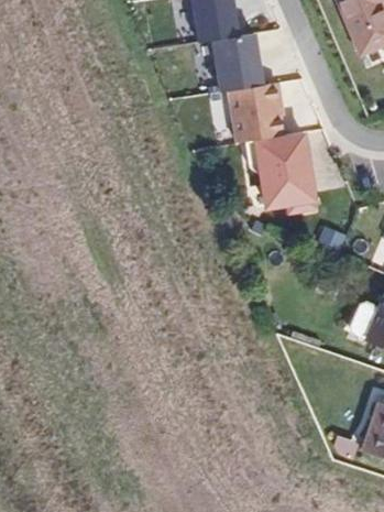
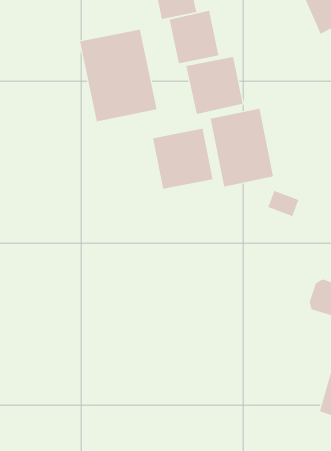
building: none -> [80,29,157,122]
building: none -> [152,128,213,189]

